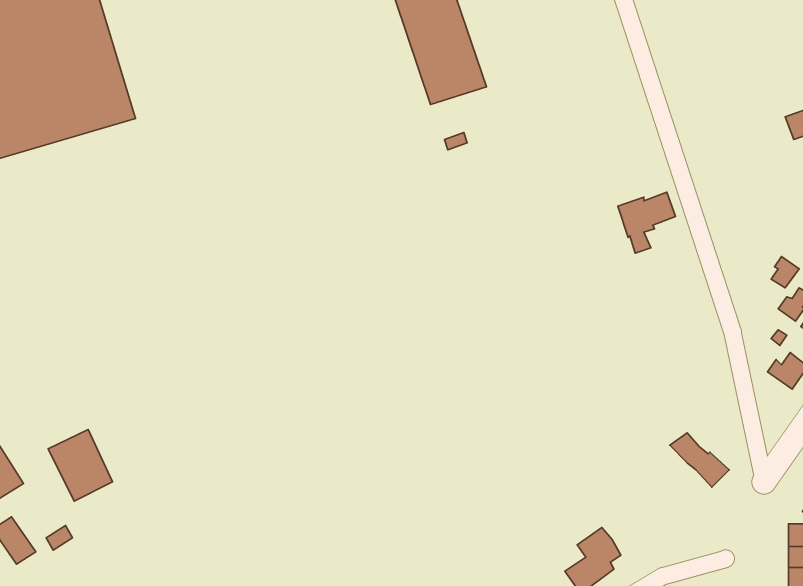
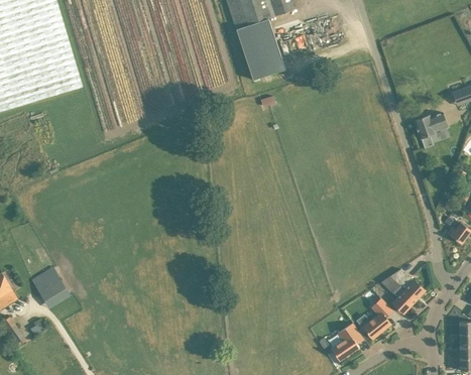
building: [618,192,675,253] -> [415,113,448,148]
building: none -> [381,276,416,314]
building: none -> [363,312,391,340]

